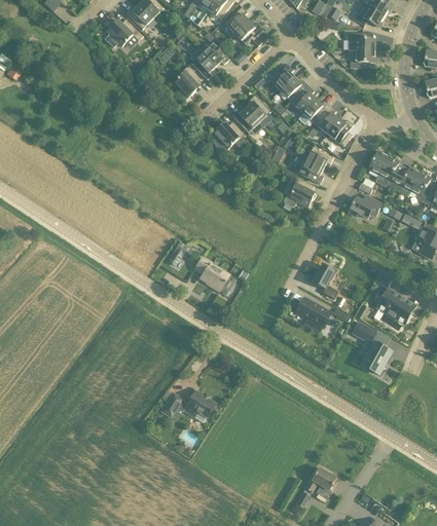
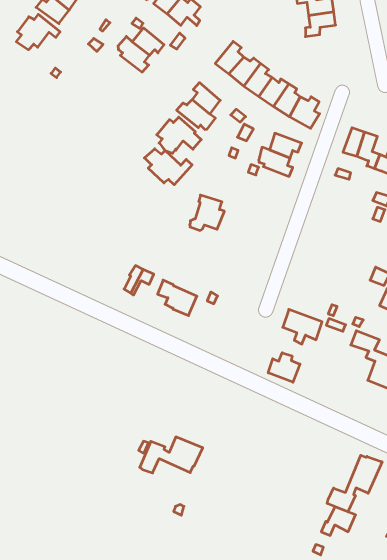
building: [173,65,201,98] -> none
building: none -> [144,149,192,185]
building: [284,177,315,208] -> [190,195,224,230]
building: [348,195,380,218] -> none
building: [312,265,337,300] -> none
building: none -> [268,353,300,382]
building: none -> [327,455,382,512]

